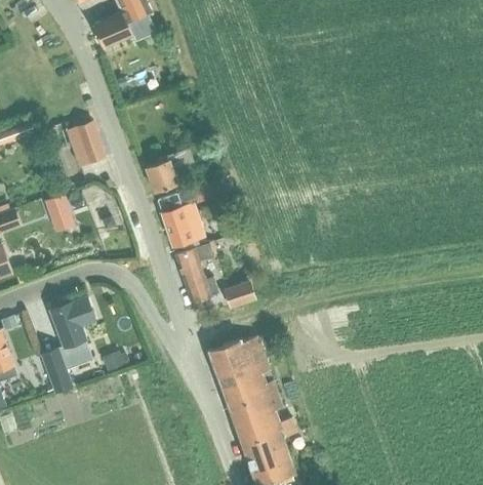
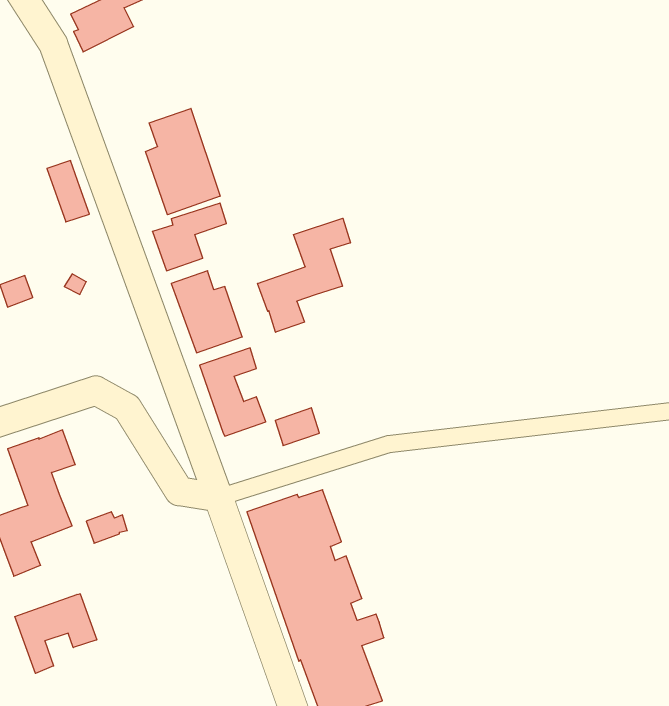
building: none -> [145,108,220,215]
building: none -> [258,218,350,332]
building: none -> [15,594,97,673]

